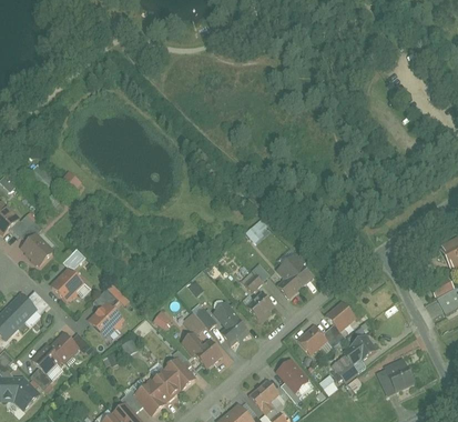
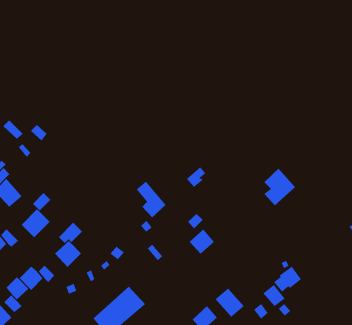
building: [275,253,313,298] -> [263,168,296,206]
building: [325,300,356,331] -> none
building: [213,302,248,345] -> [136,181,166,218]
building: [296,323,327,354] -> none
building: [182,331,223,369] -> none
building: [376,358,415,396] -> none

